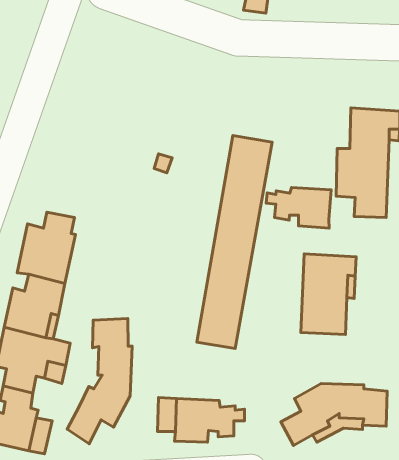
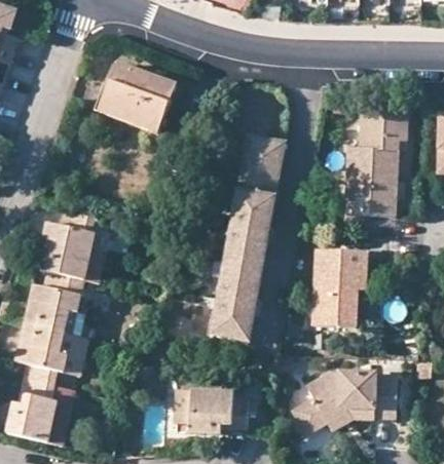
building: none -> [101,62,173,130]
building: [266,188,331,228] -> none
building: [67,319,132,444] -> none

